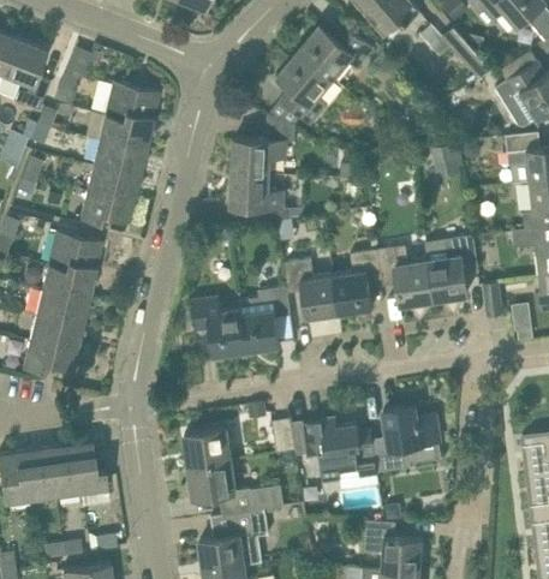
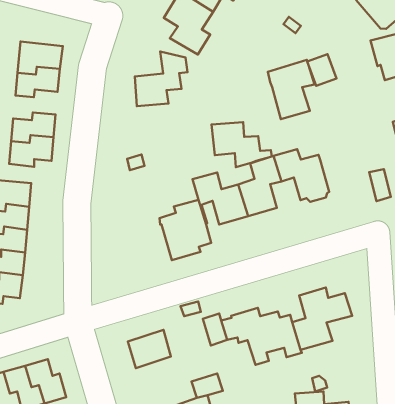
building: [93,137,147,171] -> none
building: [232,172,296,223] -> [211,122,272,167]
building: [428,237,478,299] -> [268,60,314,119]
building: [192,297,247,356] -> none
building: [190,459,237,499] -> none

